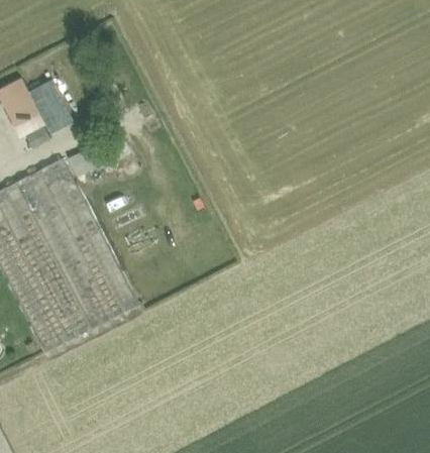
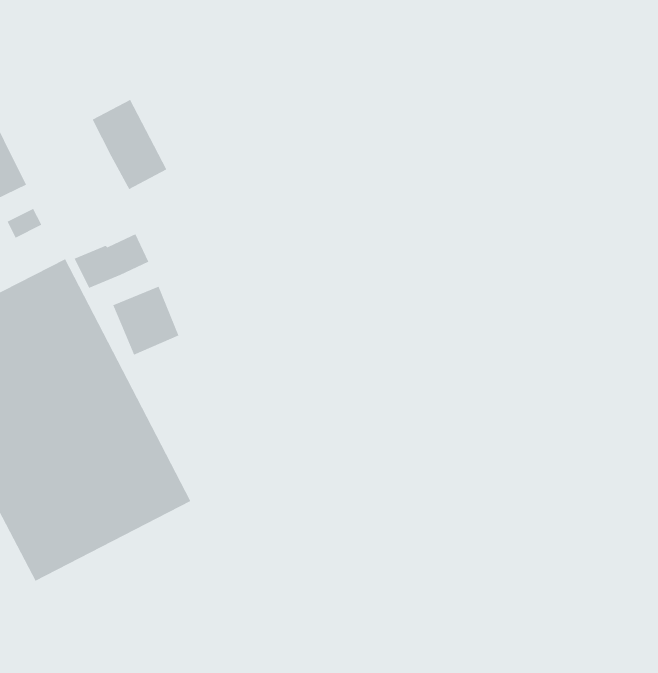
building: [28,80,74,134] -> [92,99,167,190]
building: none -> [112,286,179,356]

